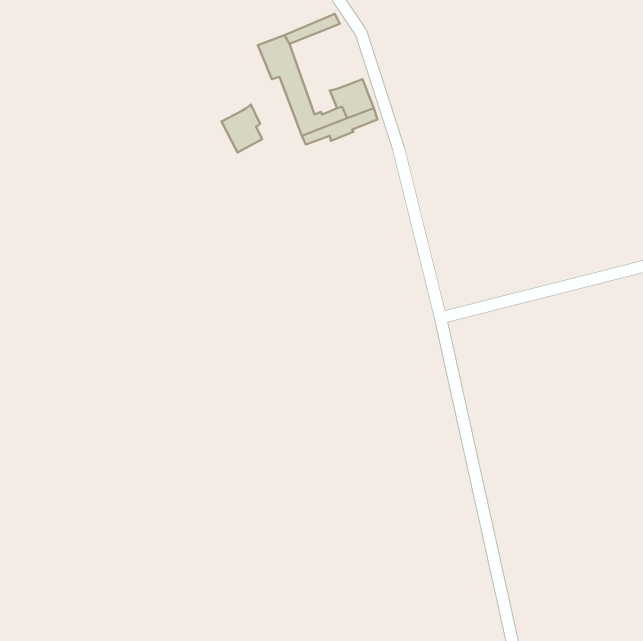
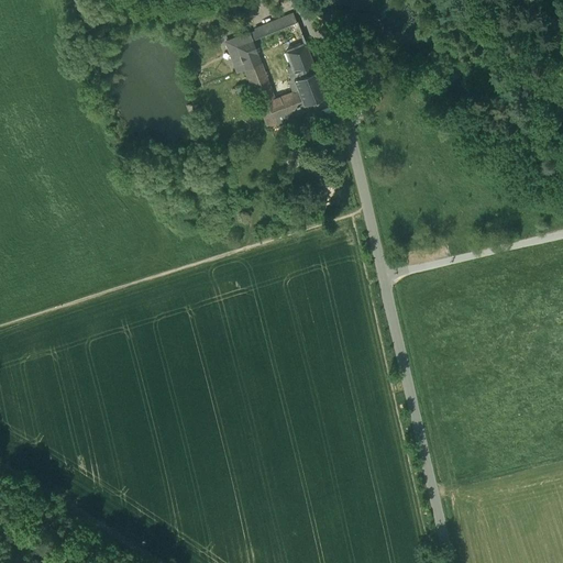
building: none -> [286,43,317,77]
building: [221,105,262,152] -> none

